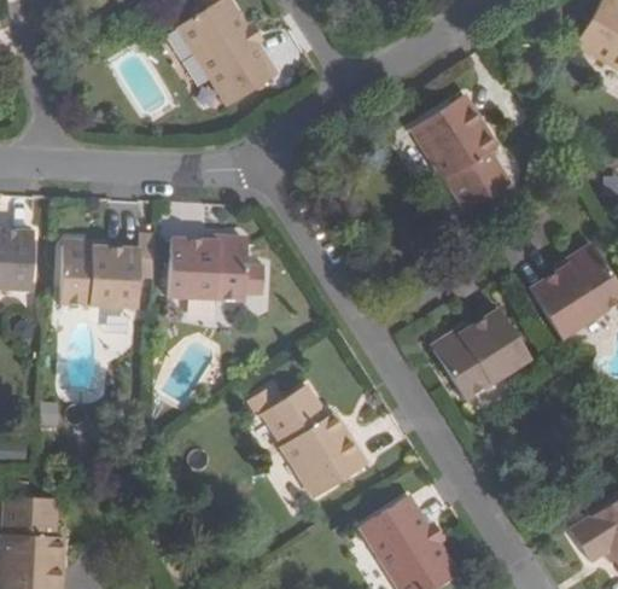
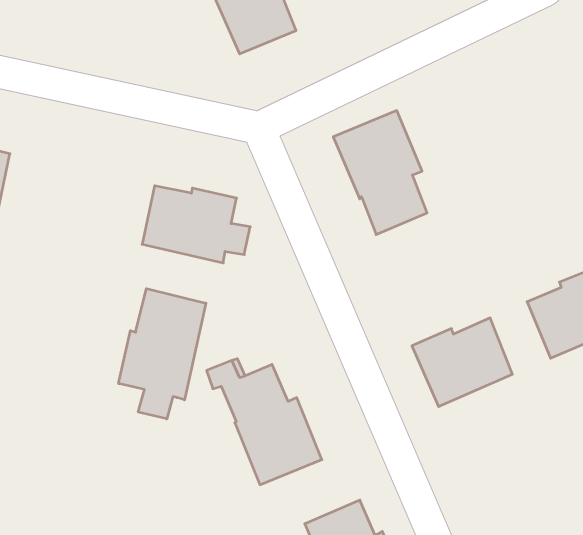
building: [410,94,508,211] -> [333,111,427,235]
building: [58,243,156,308] -> none
building: none -> [119,289,206,419]

